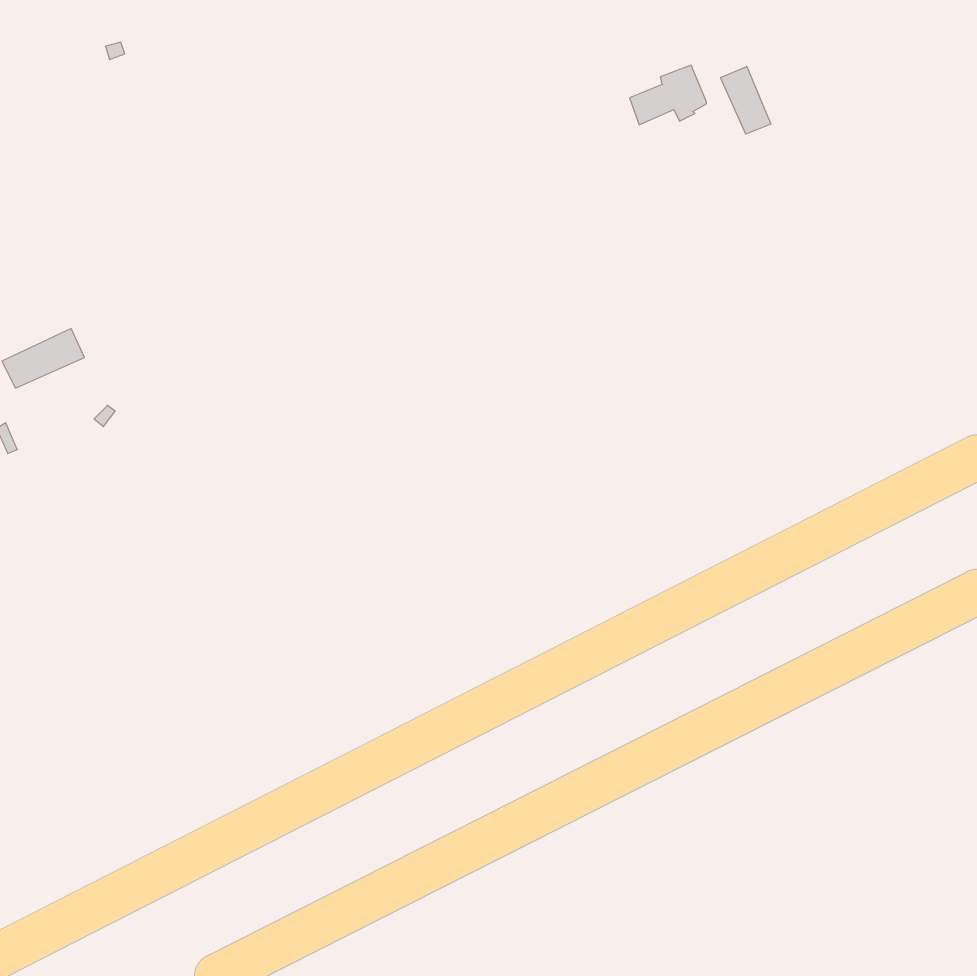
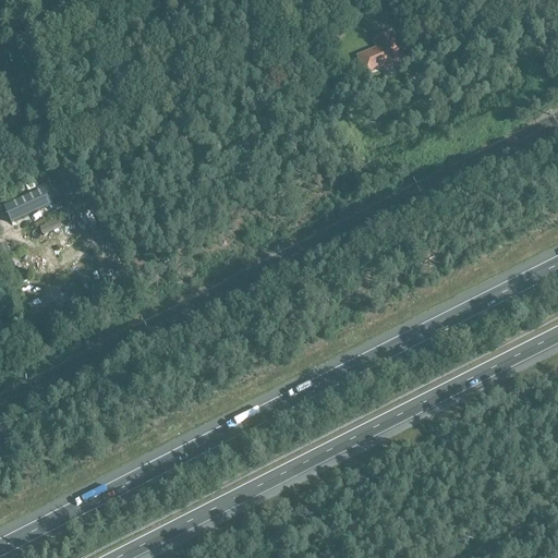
building: [721,66,771,134] -> none

